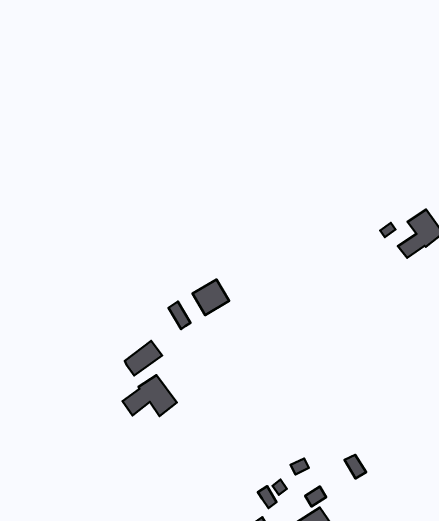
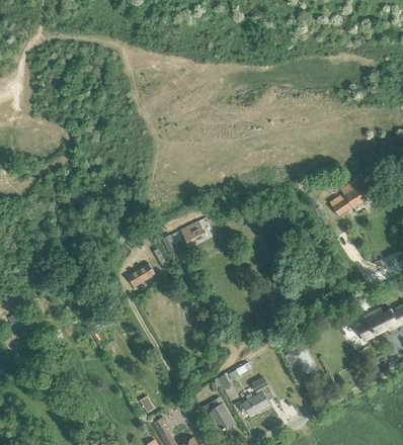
building: [123,375,177,416] -> none

